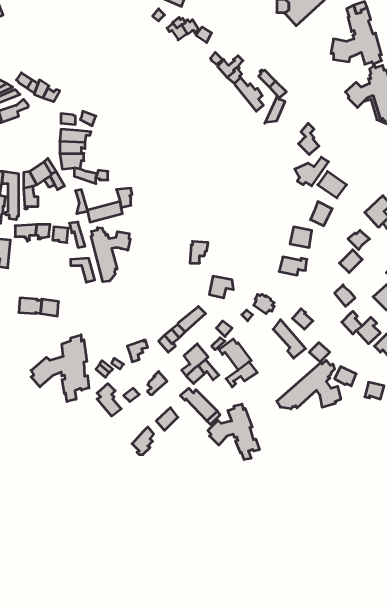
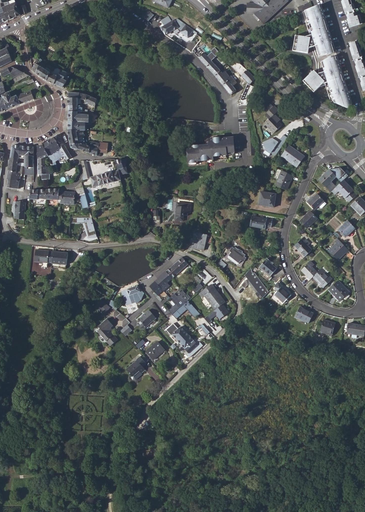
building: none -> [187,134,235,161]
building: [91,228,130,282] -> none
building: [31,335,89,402] -> none
building: [277,360,341,409] -> none
building: [208,404,259,460] -> none

